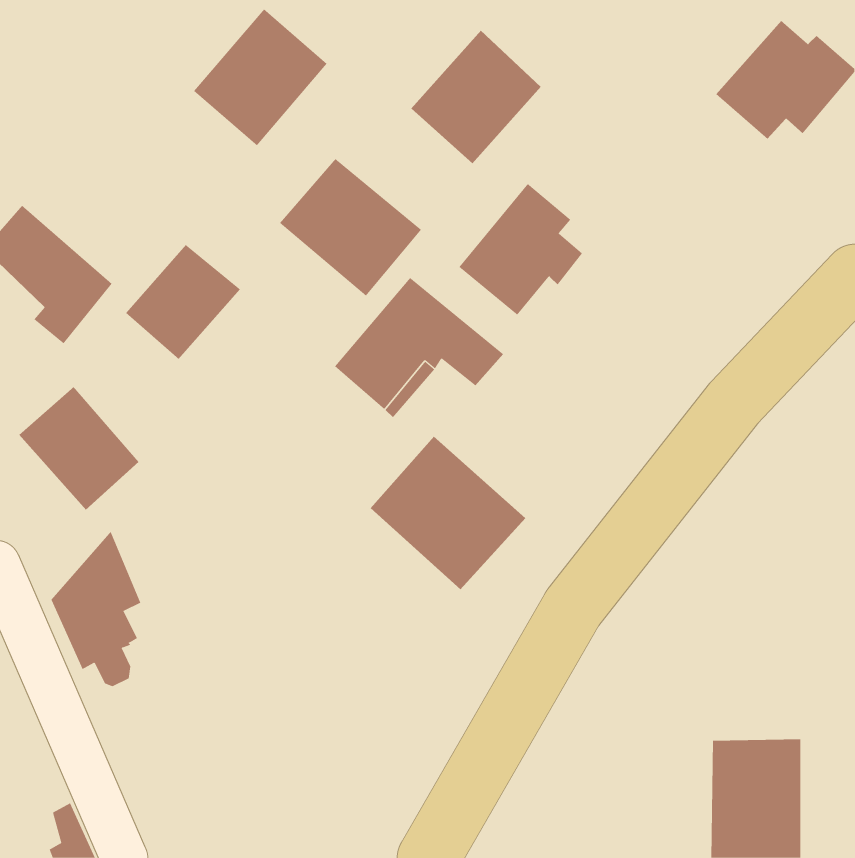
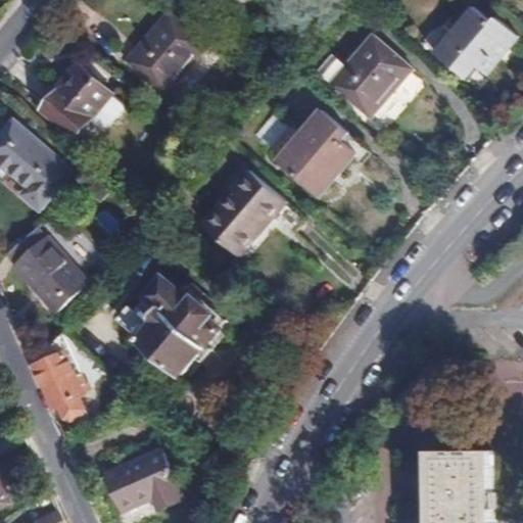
building: [410,30,541,164] -> [329,35,409,116]
building: [279,158,422,296] -> none
building: [125,244,241,360] -> [38,67,108,138]
building: [370,436,526,590] -> [125,277,220,371]
building: none -> [102,448,183,513]

